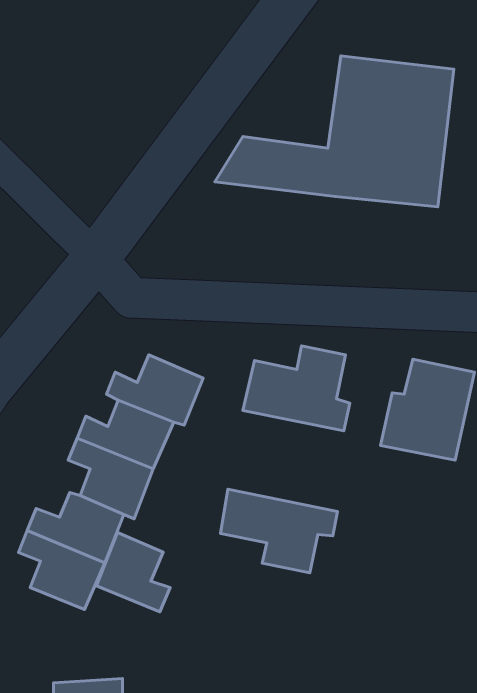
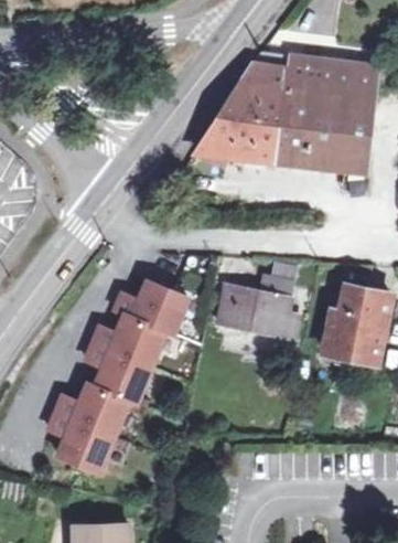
building: none -> [218,51,292,126]
building: [221,489,338,573] -> none
building: [97,532,170,612] -> none

